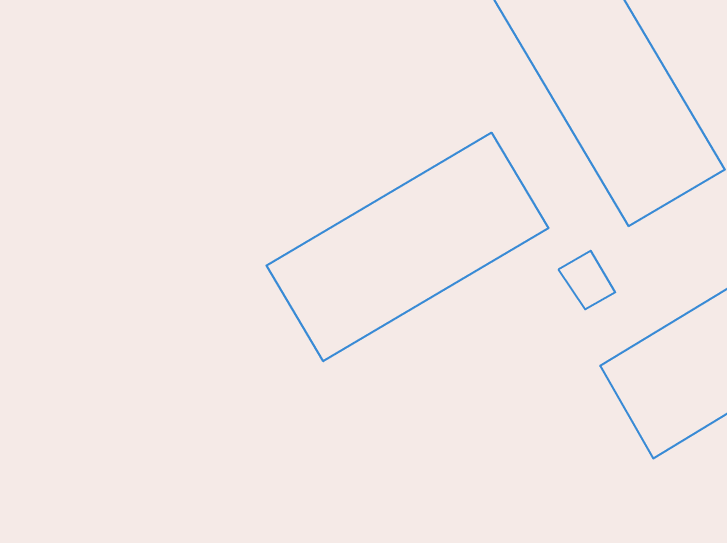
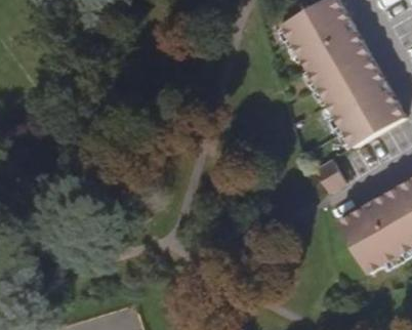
building: [266,133,548,361] -> none

